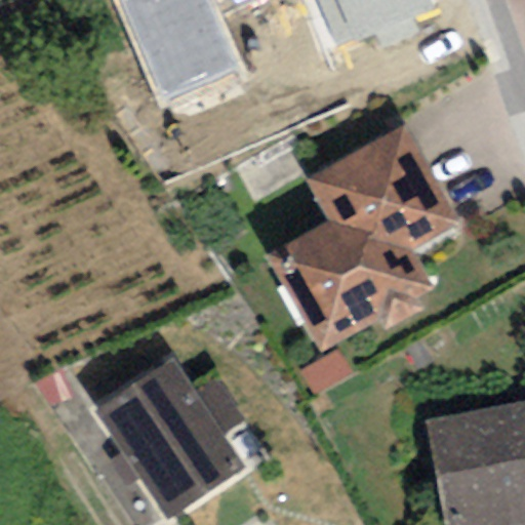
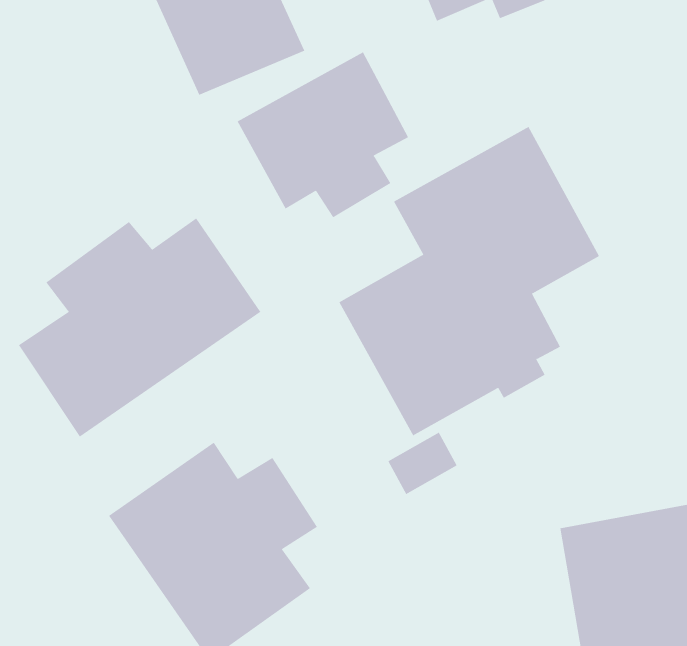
building: none -> [237,52,409,218]
building: none -> [18,217,261,437]

